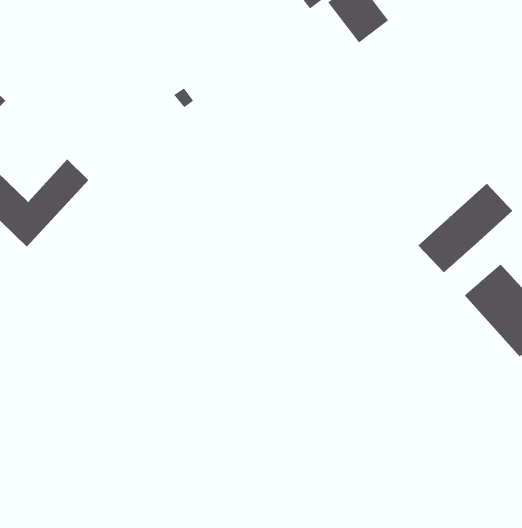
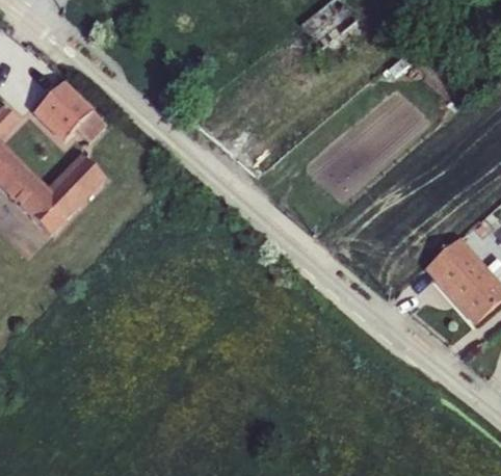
building: none -> [37,81,107,142]
building: [418,183,513,273] -> none

